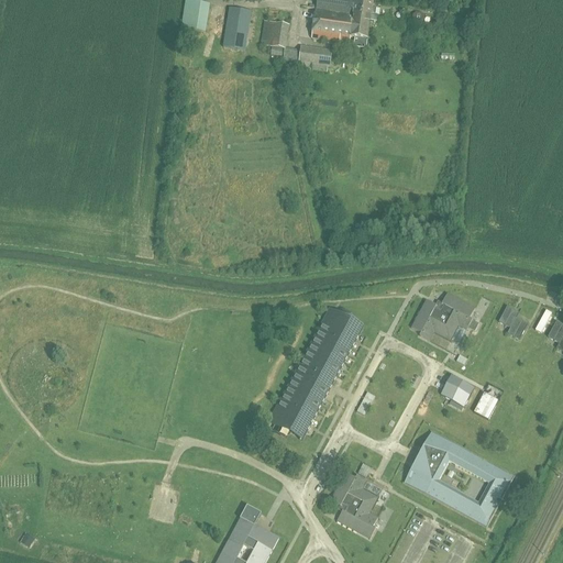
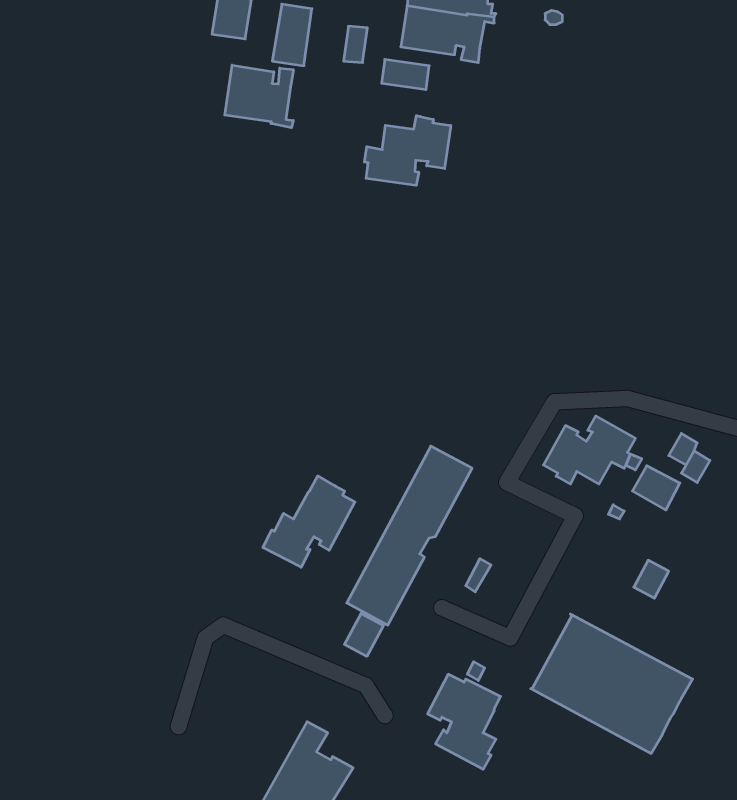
building: none -> [225,65,293,128]
building: none -> [364,116,451,185]
building: none -> [263,476,355,567]
building: [441,374,474,405] -> [632,466,680,510]
building: none -> [344,613,383,656]

